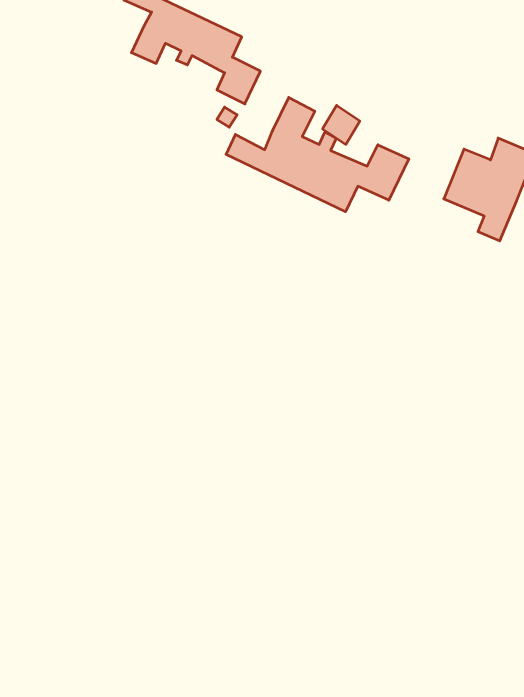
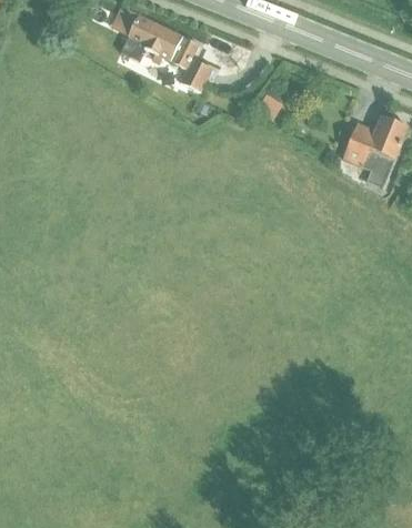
building: [226,97,409,212] -> none

